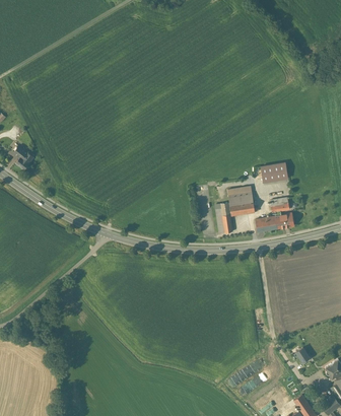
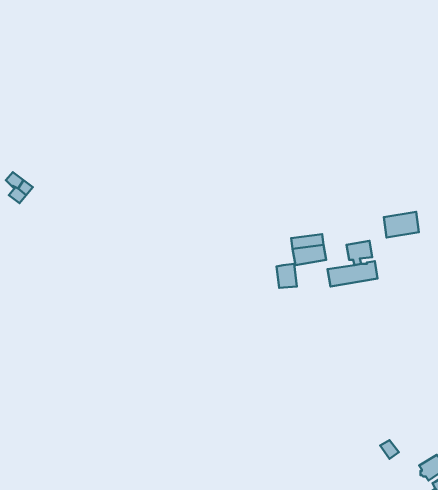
building: [261,162,287,182] -> [384,212,419,237]

